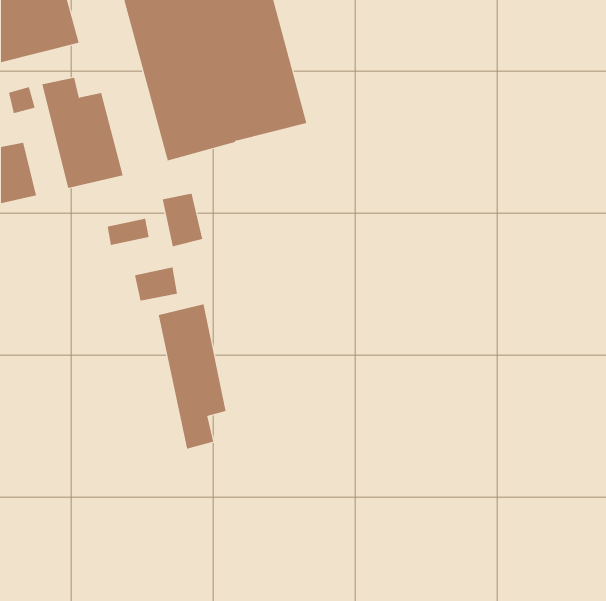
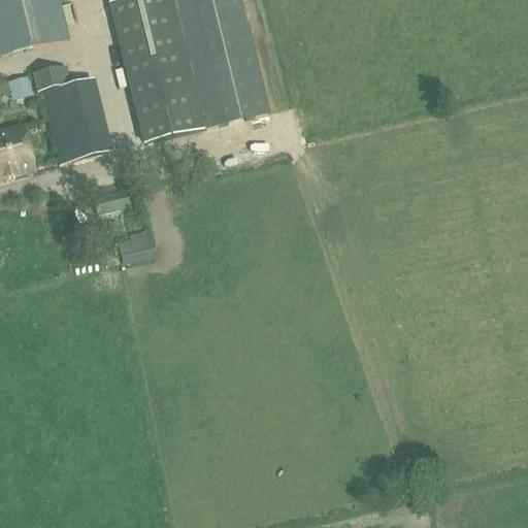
building: [162,193,203,247] -> none
building: [158,304,226,450] -> none

